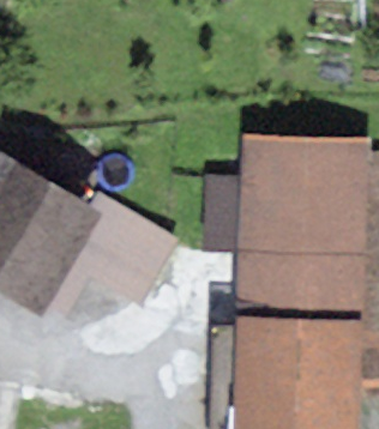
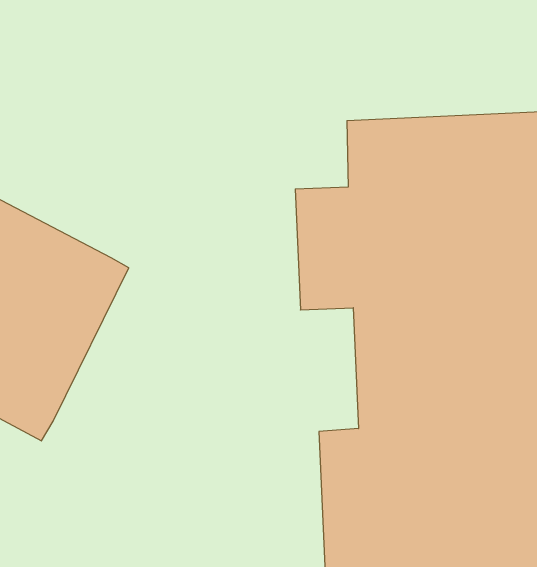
building: [43,191,179,321] -> none

